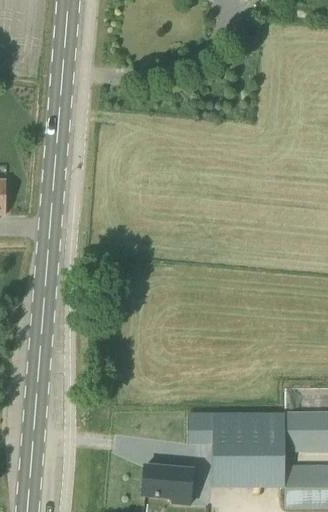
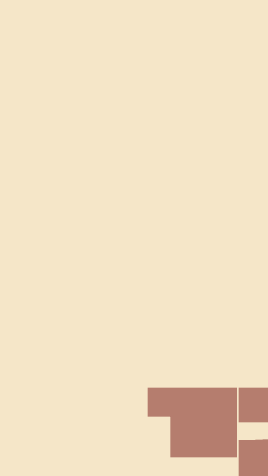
building: [142,466,193,497] -> none

